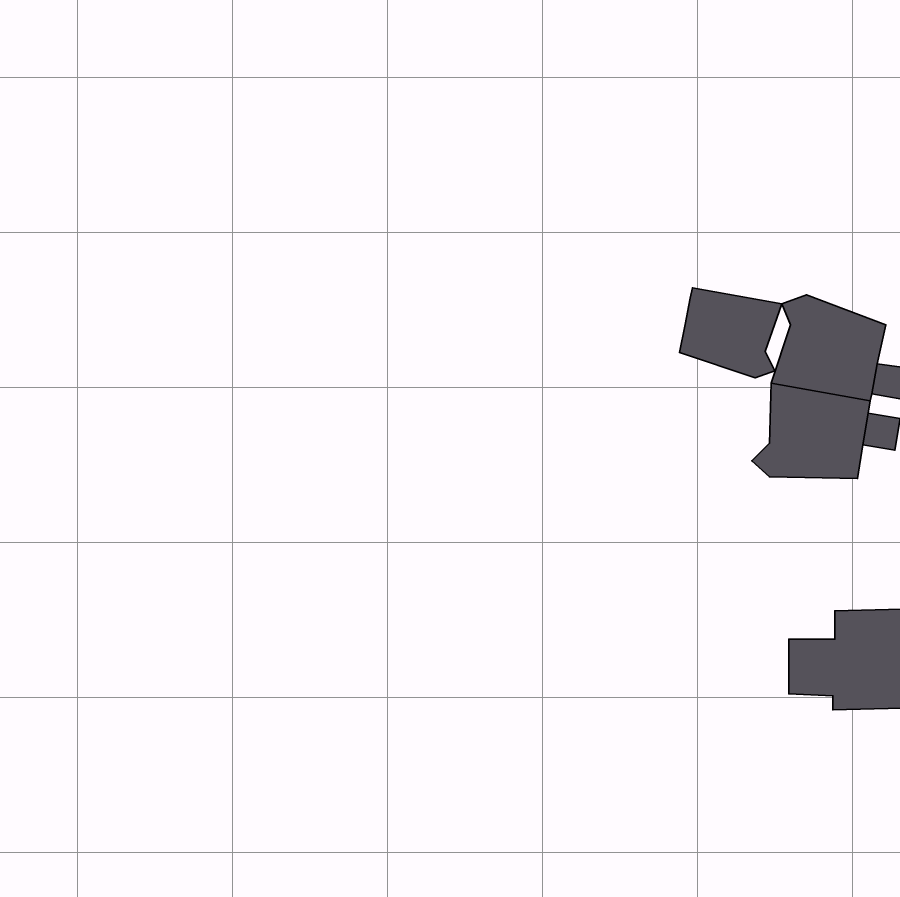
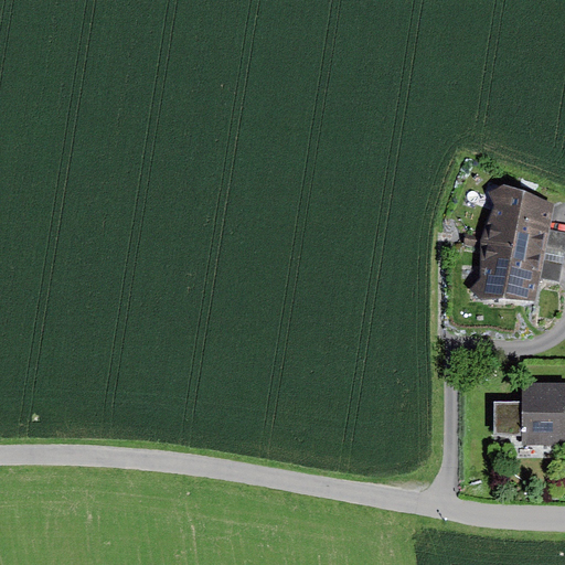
building: [680,288,782,378] -> none

